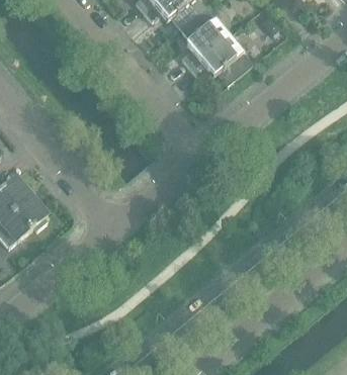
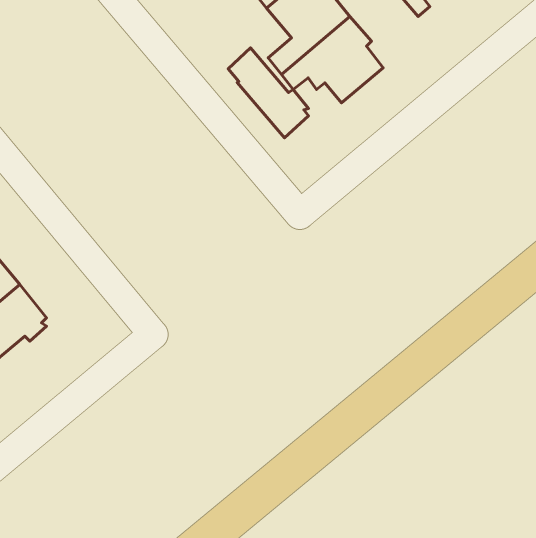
building: none -> [228,48,308,138]

